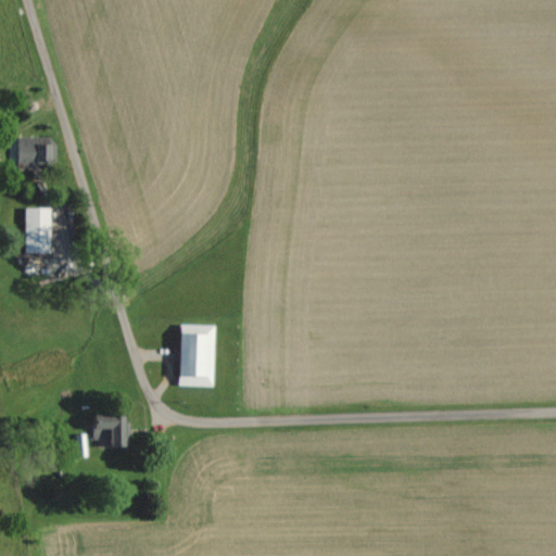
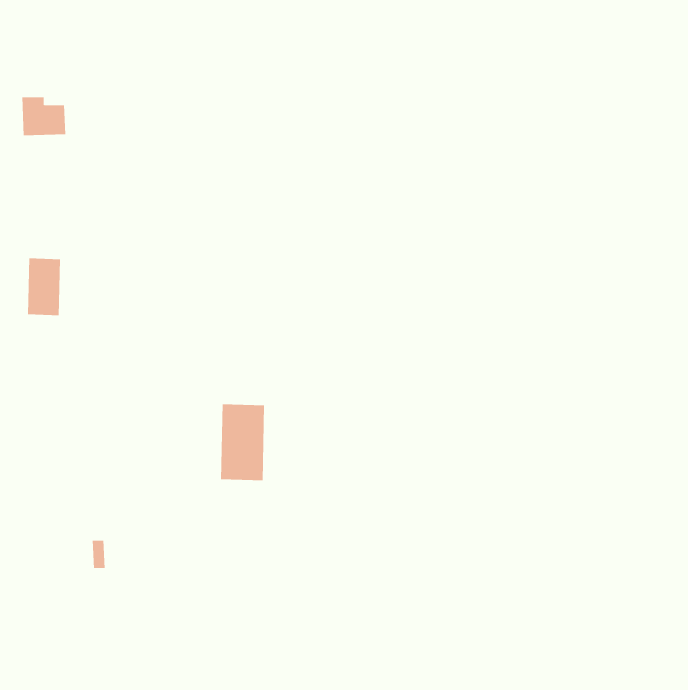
building: [18,137,54,168] -> [22,97,66,136]
building: [94,415,126,447] -> none

